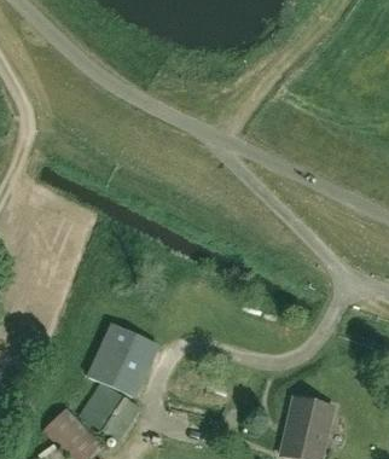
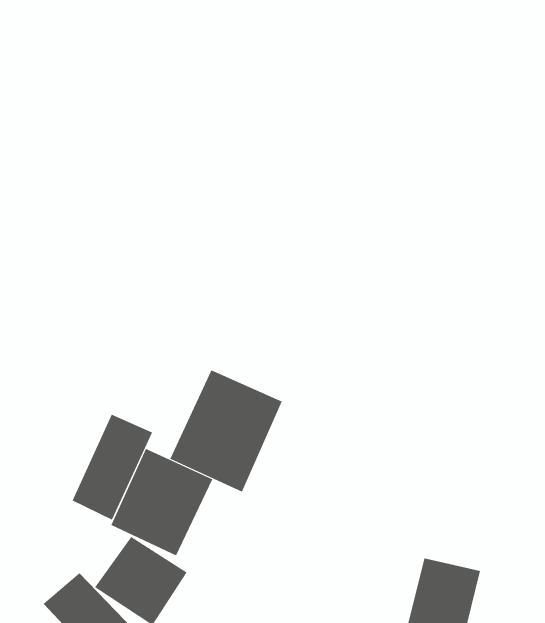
building: none -> [170,369,283,492]
building: none -> [72,414,153,520]

